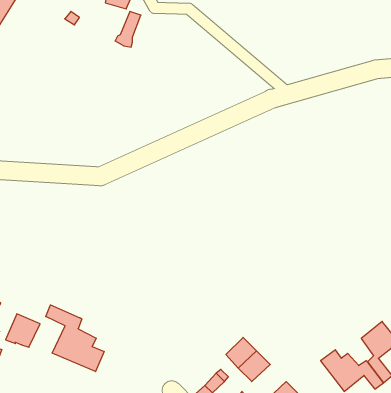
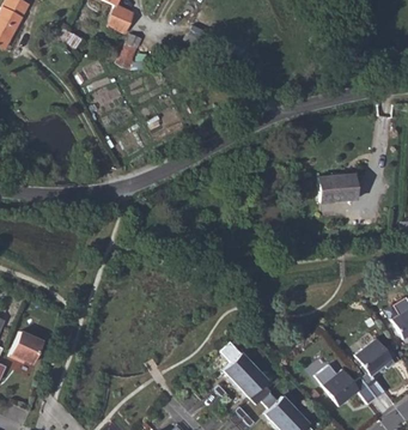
building: none -> [316,172,353,201]
building: [46,305,104,372] -> none

